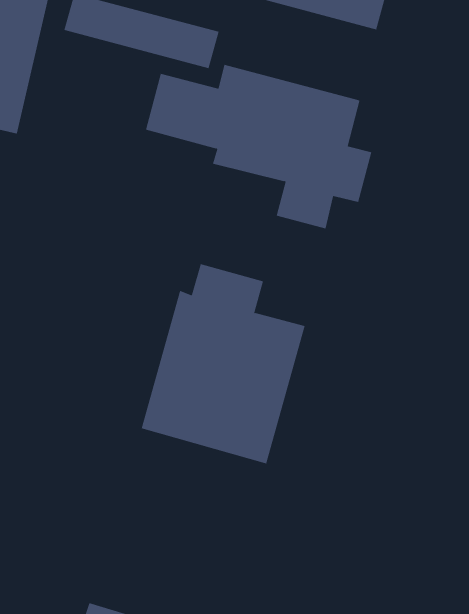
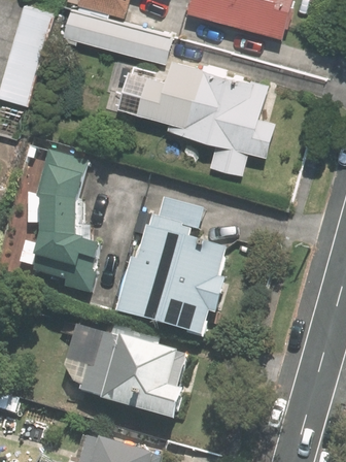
building: none -> [32,153,101,295]
building: none -> [65,322,188,420]

